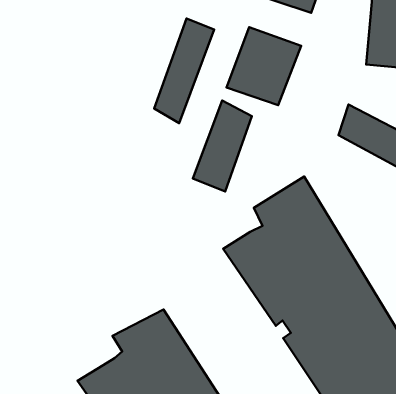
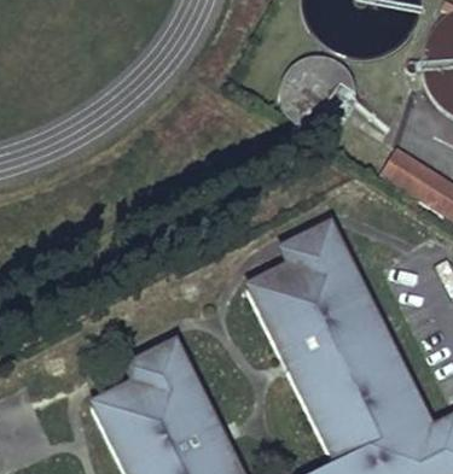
building: [154,19,214,123] -> none
building: [193,100,252,191] -> none

